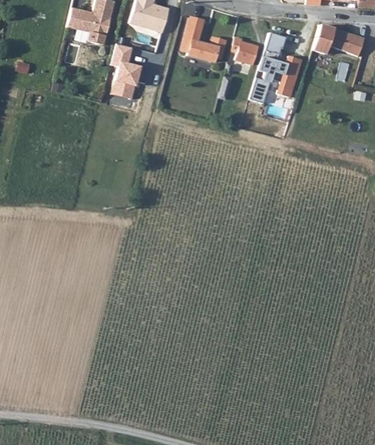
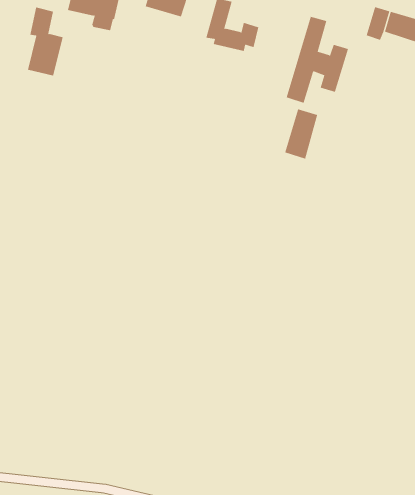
building: [231,37,258,67] -> none
building: [110,43,140,100] -> [27,7,64,76]
building: none -> [285,109,318,159]

